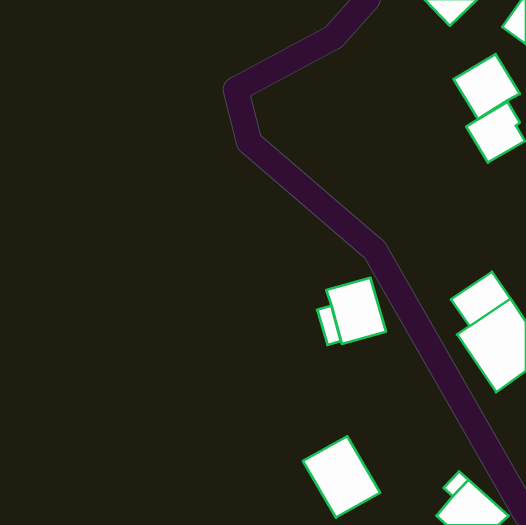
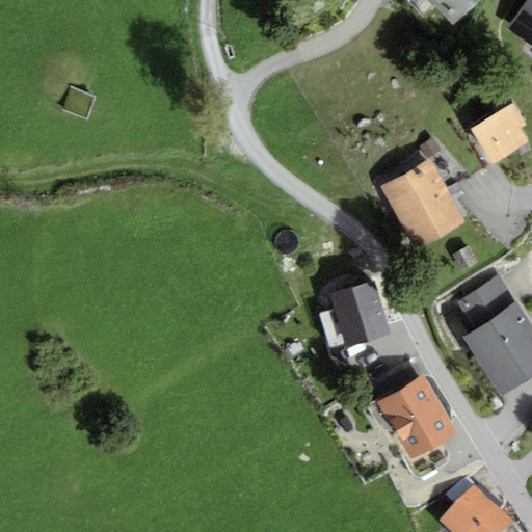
building: [454,54,520,119] -> none
building: none -> [380,158,466,249]
building: [303,436,380,518] -> [378,376,456,458]

